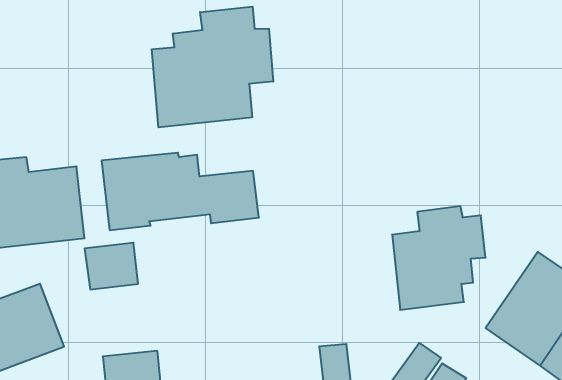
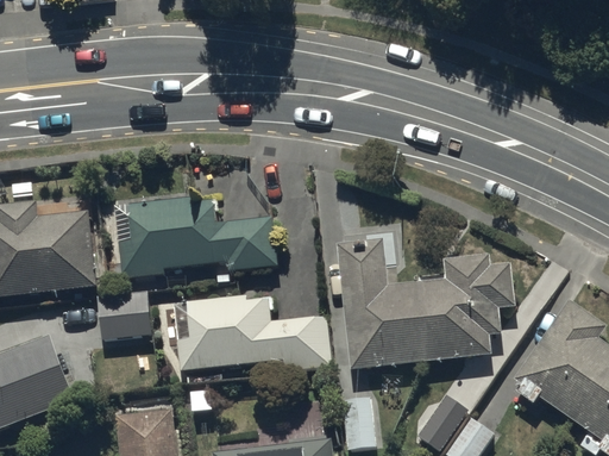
building: [152,7,273,127] -> none
building: none -> [337,237,426,369]
building: none -> [174,295,332,371]

